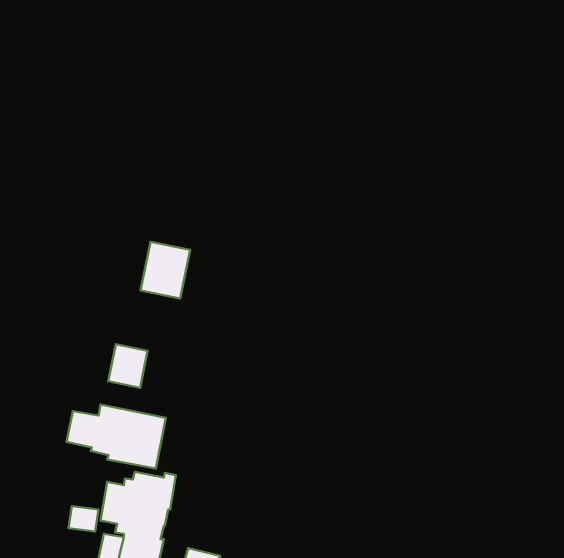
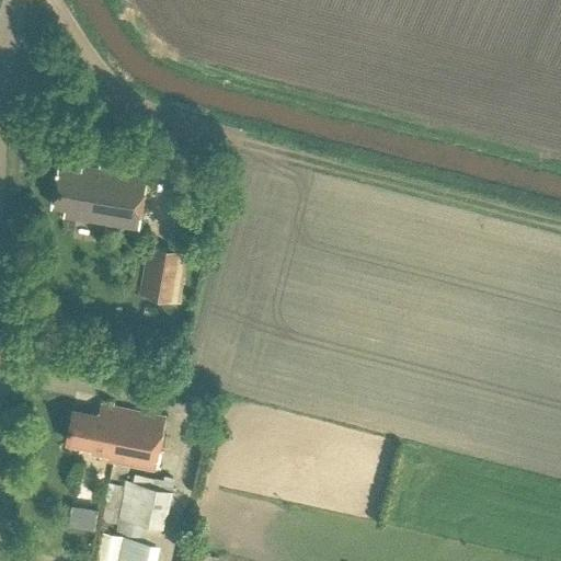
building: none -> [50,169,148,232]
building: [108,344,148,388] -> none

